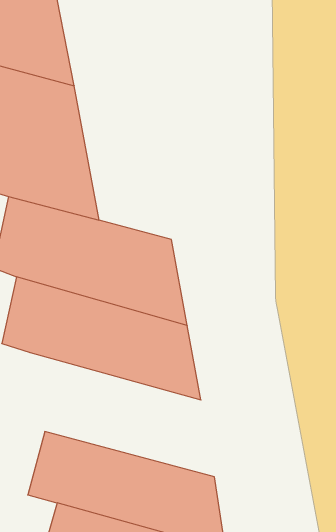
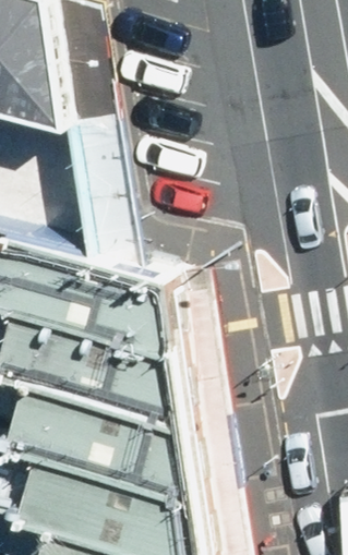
building: none -> [26,371,220,491]

